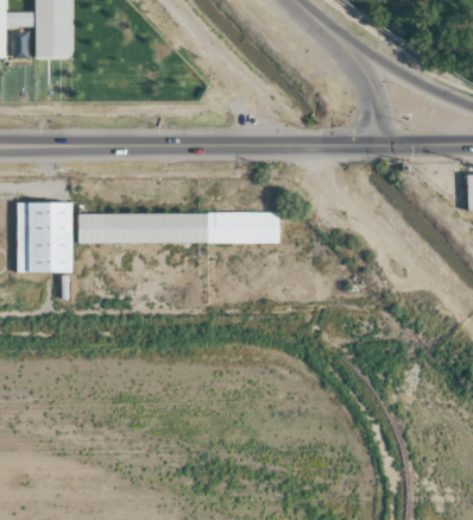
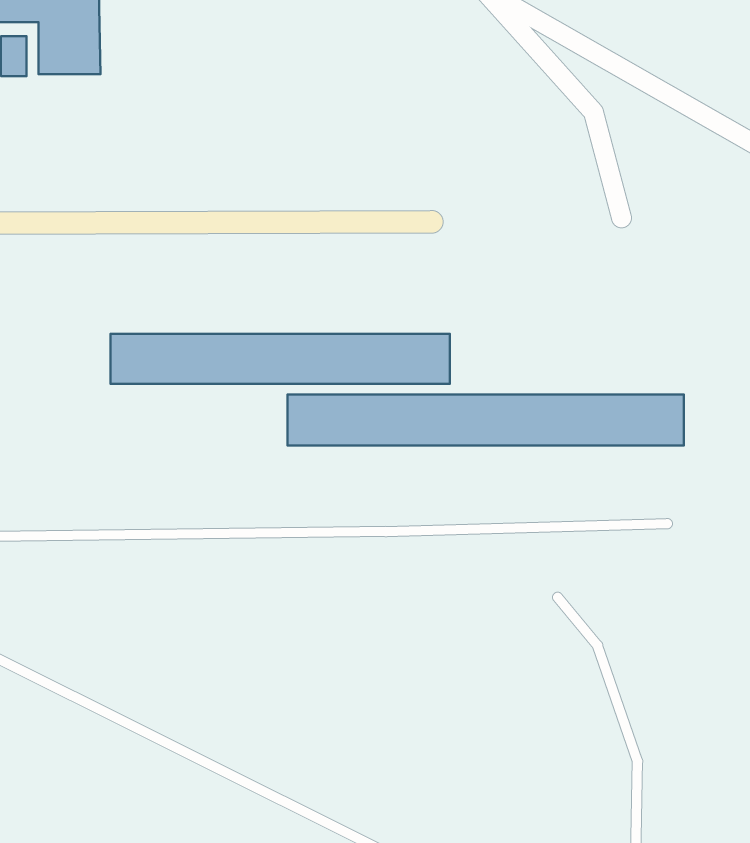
building: [17,202,71,272] -> none
building: none -> [287,395,684,445]

